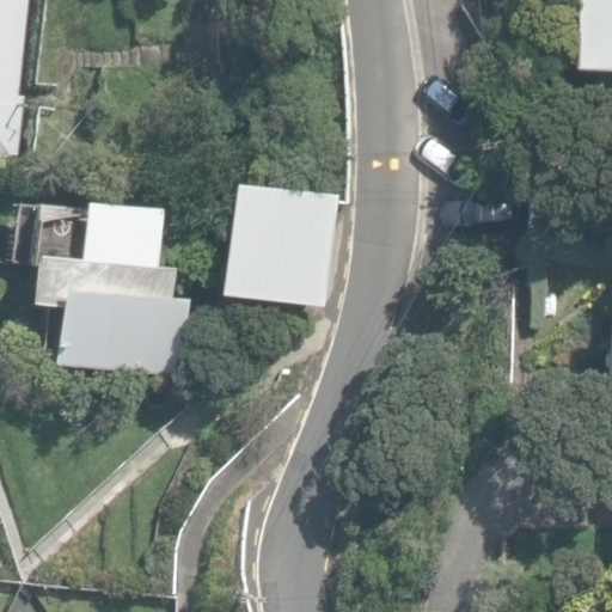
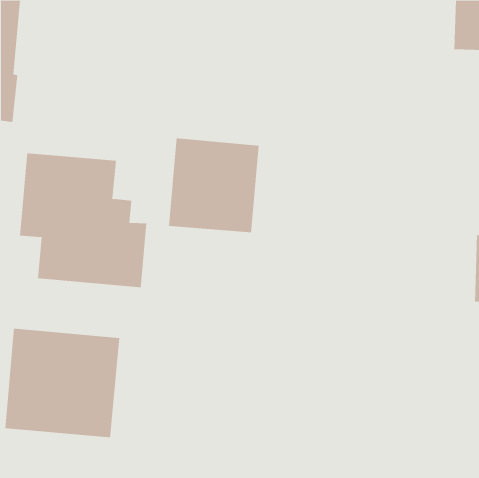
building: none -> [5,328,120,438]

